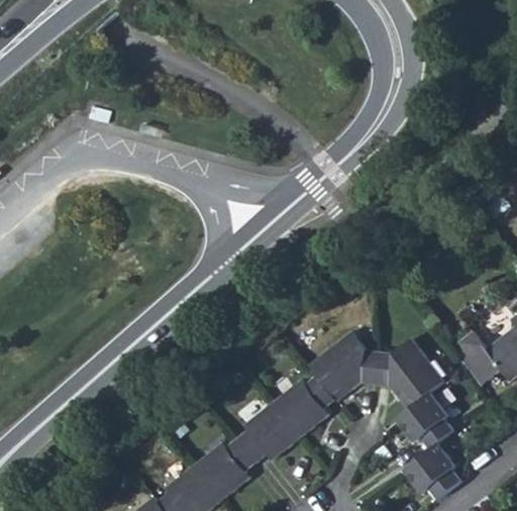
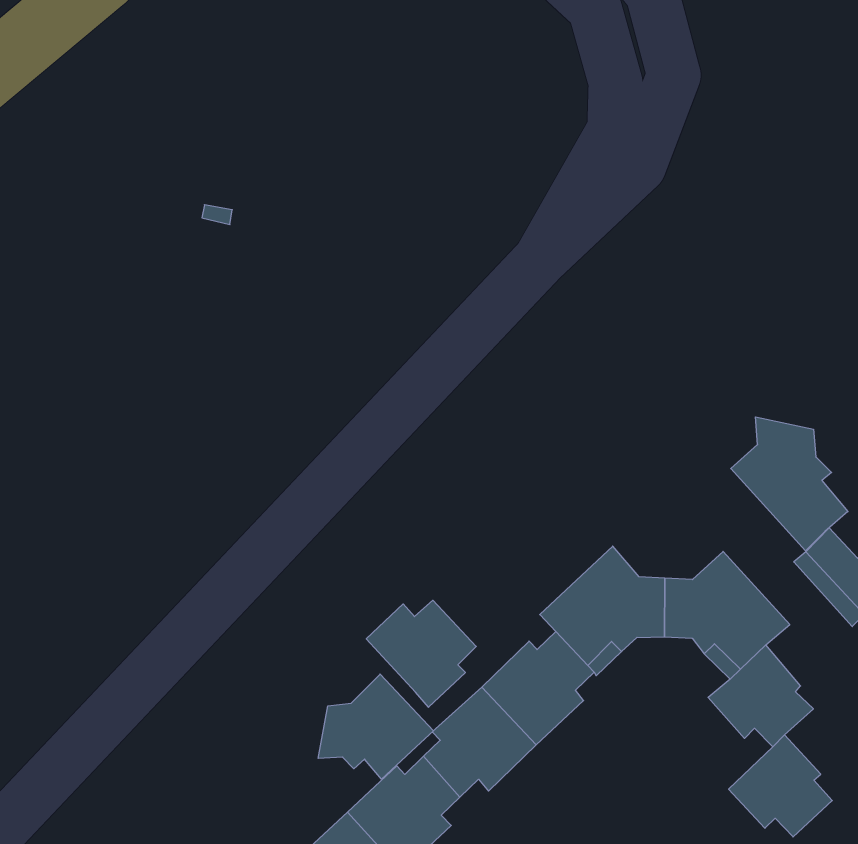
building: none -> [731,417,848,551]
building: none -> [366,600,476,707]
building: none -> [318,674,433,779]

